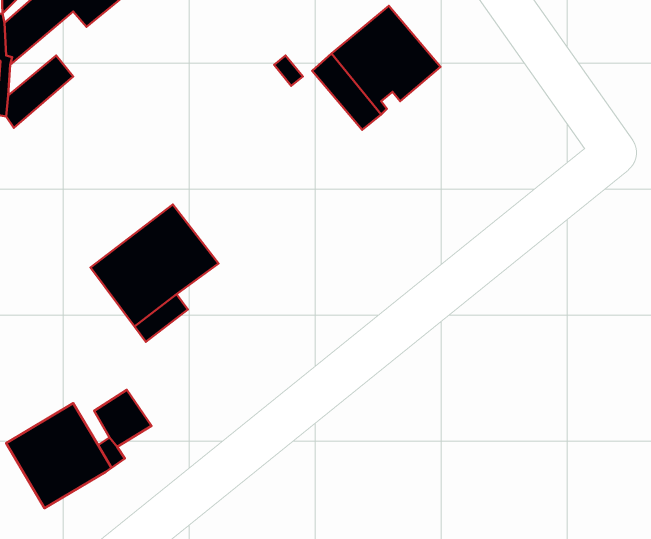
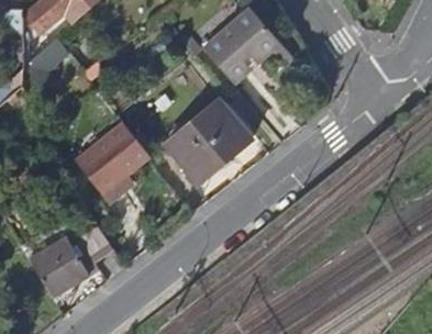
building: none -> [163,100,251,185]

